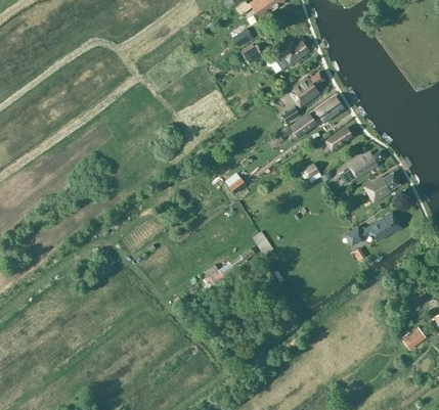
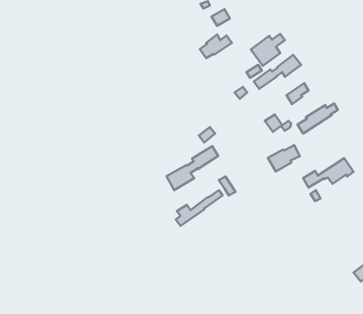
building: [273,42,309,69] -> [200,35,232,58]
building: [363,172,399,201] -> [268,145,300,172]
building: none -> [167,146,218,190]

